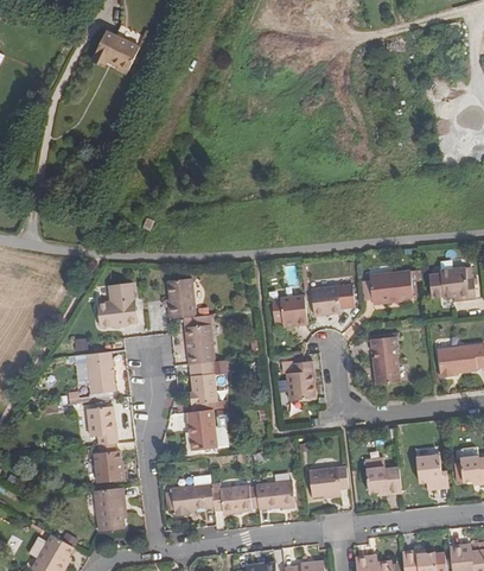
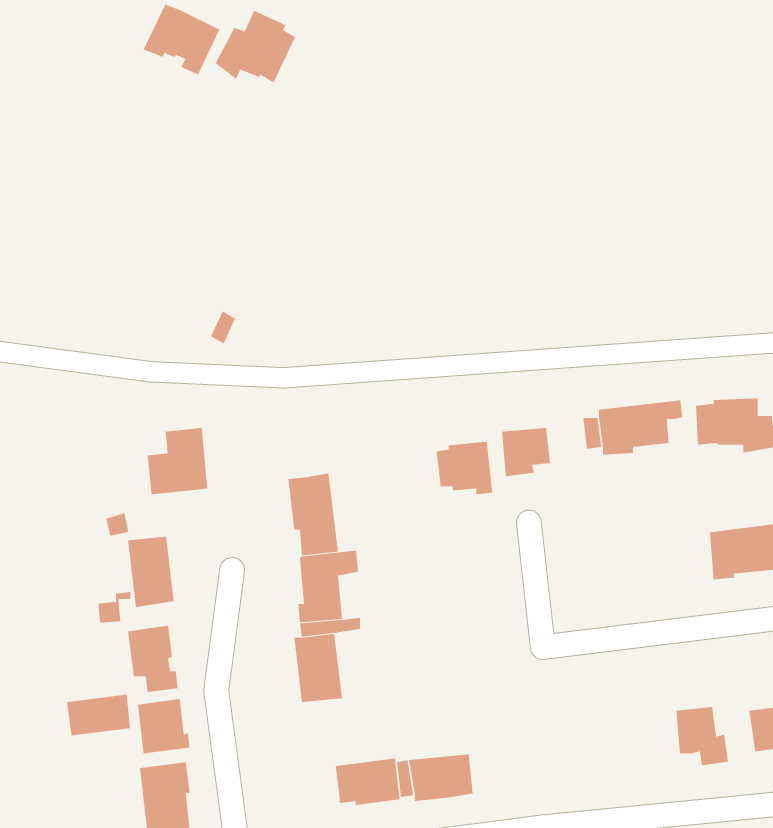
building: none -> [215,10,296,83]
building: [166,278,195,318] -> none
building: [368,337,399,385] -> none
building: [288,362,316,400] -> none
building: none -> [66,694,131,736]
building: [362,456,400,494] -> none
building: [308,468,349,499] -> none
building: [171,484,214,516] -> none

